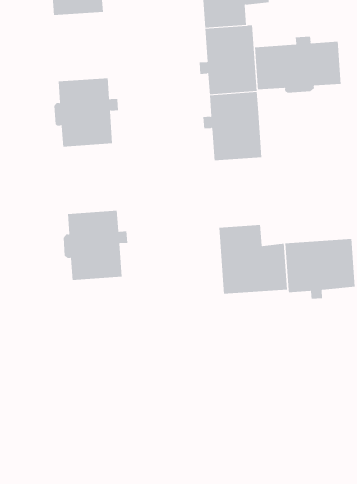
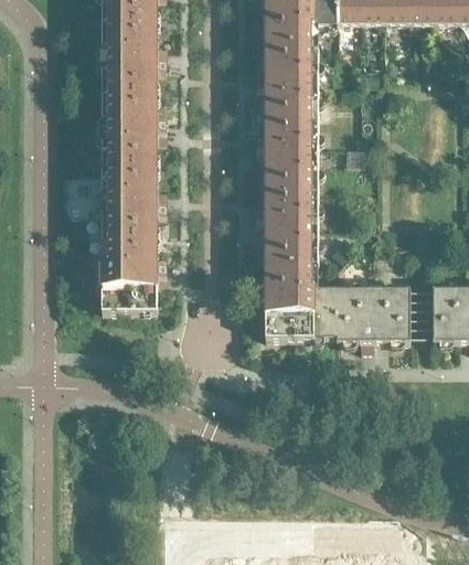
building: none -> [94,21,164,93]
building: [254,36,341,93] -> none
building: none -> [94,164,164,237]
building: none -> [255,191,317,264]

